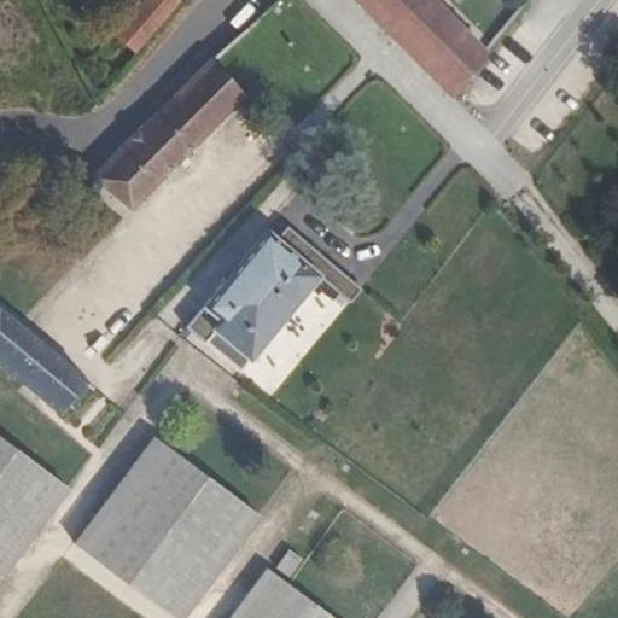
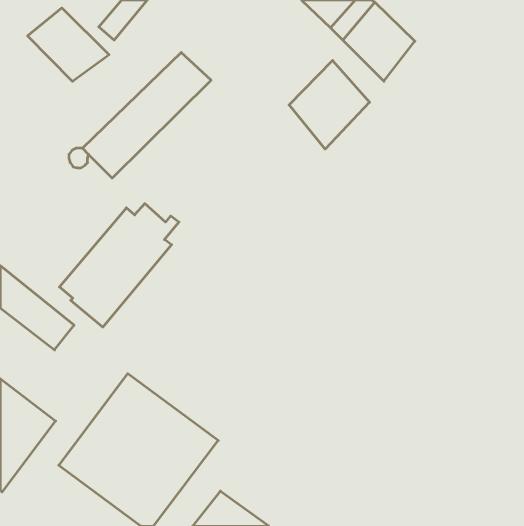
building: none -> [28,8,109,81]
building: none -> [289,60,370,149]
building: [192,226,332,371] -> [59,204,179,327]

